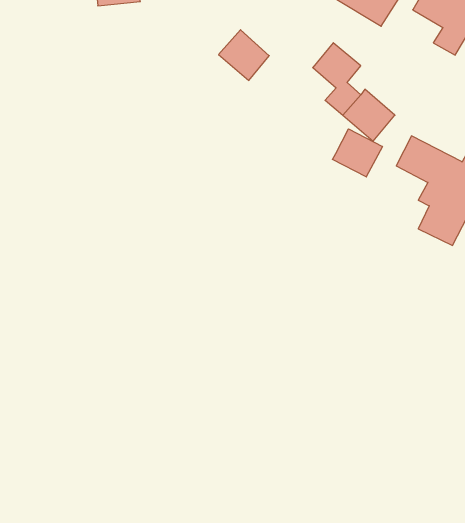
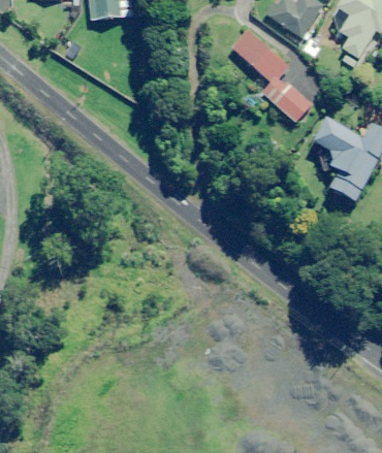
building: [219,30,269,80] -> [228,28,266,66]
building: [332,129,382,177] -> none

